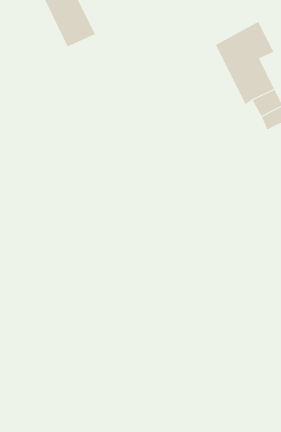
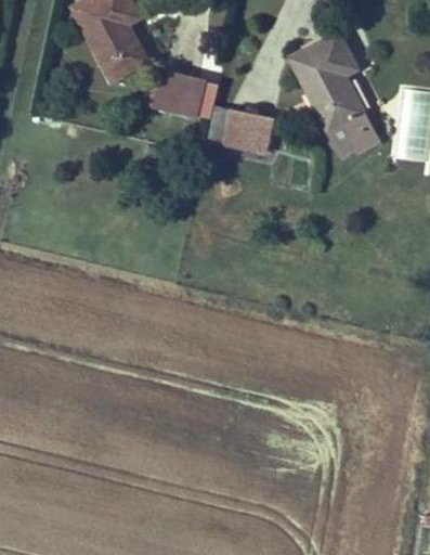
building: none -> [146,68,213,118]
building: none -> [209,106,271,149]

